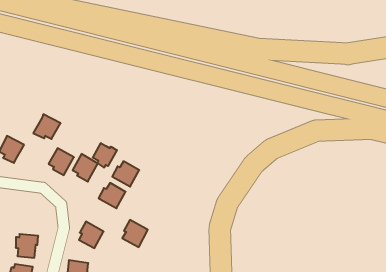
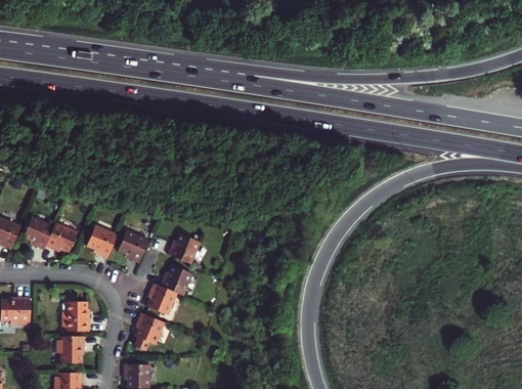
building: [33,114,61,139] -> [45,221,78,251]
building: [93,143,117,168] -> none
building: none -> [60,302,88,332]
building: [122,220,148,247] -> [148,284,179,316]

